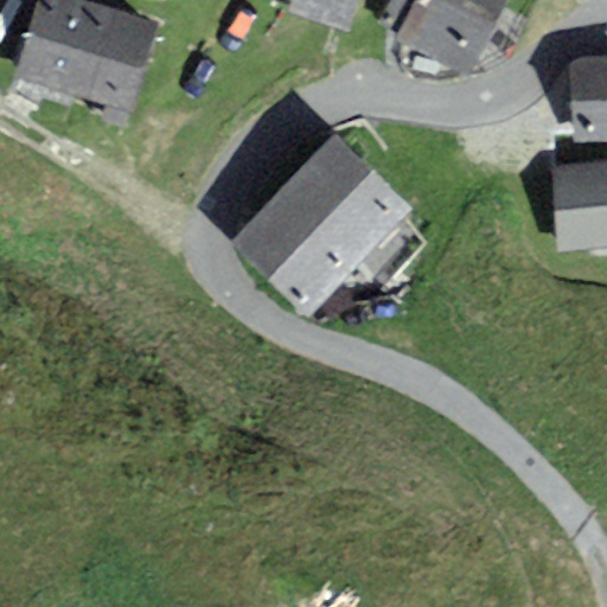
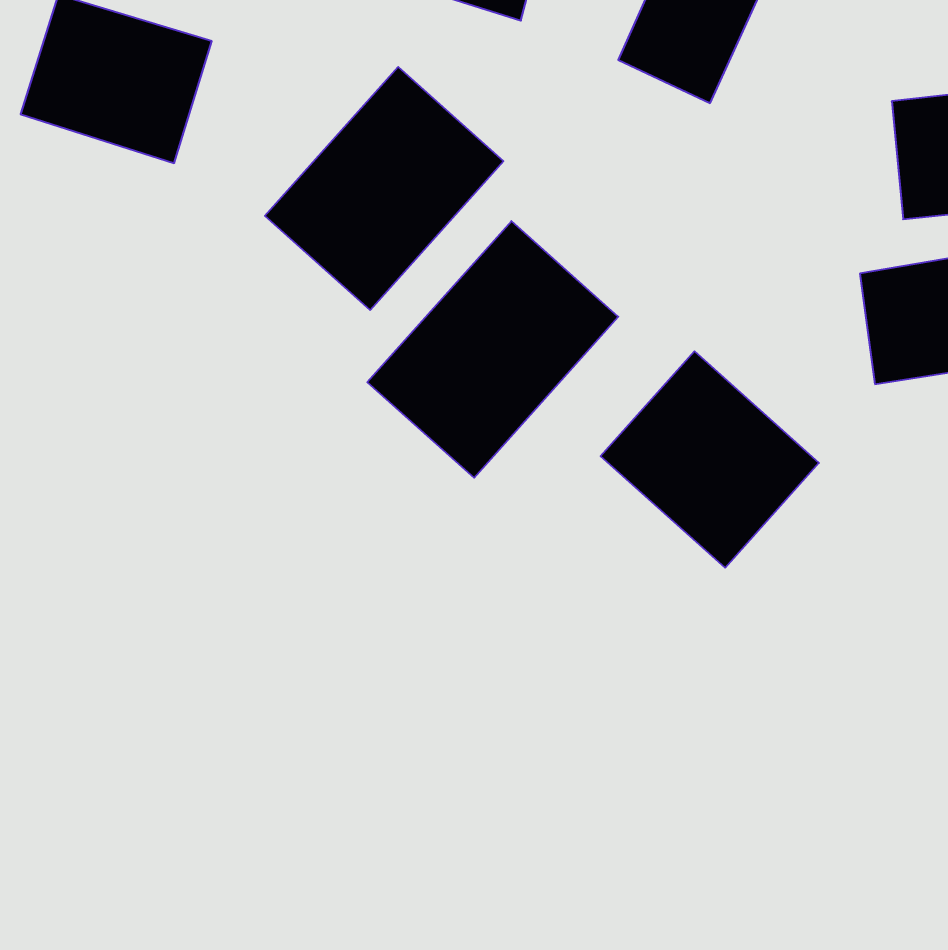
building: none -> [265,67,503,310]
building: none -> [601,351,819,568]

